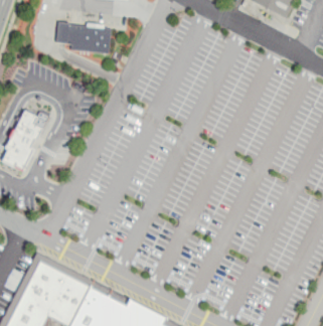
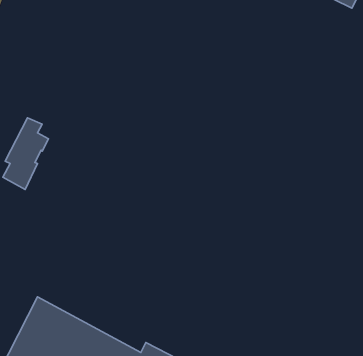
building: [57,20,112,52] -> none

